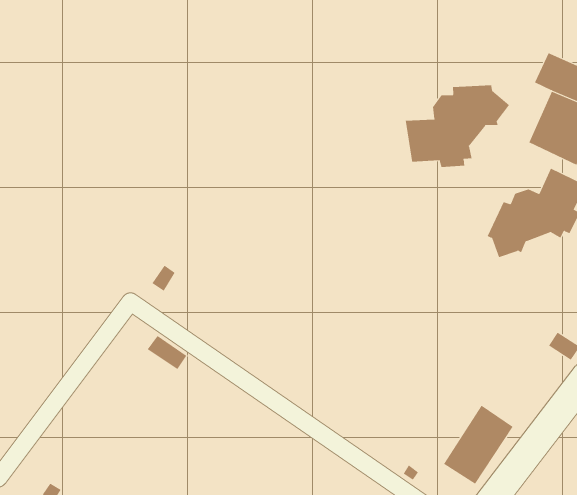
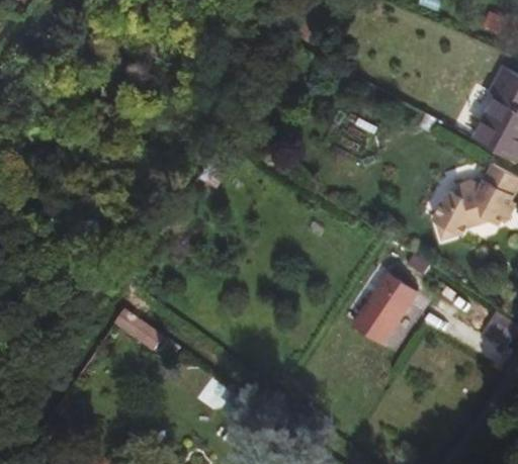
building: [405,85,510,168] -> none
building: [443,405,514,485] -> [359,268,421,338]

